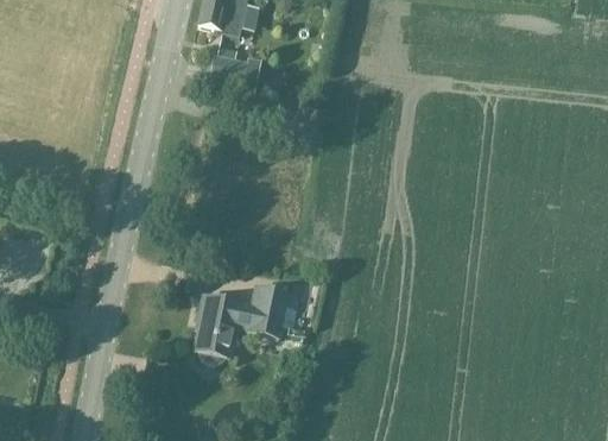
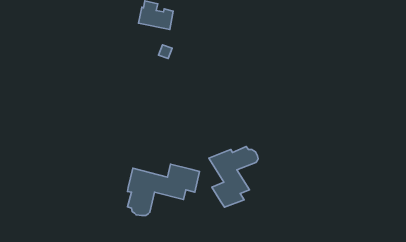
building: none -> [209,147,258,207]

